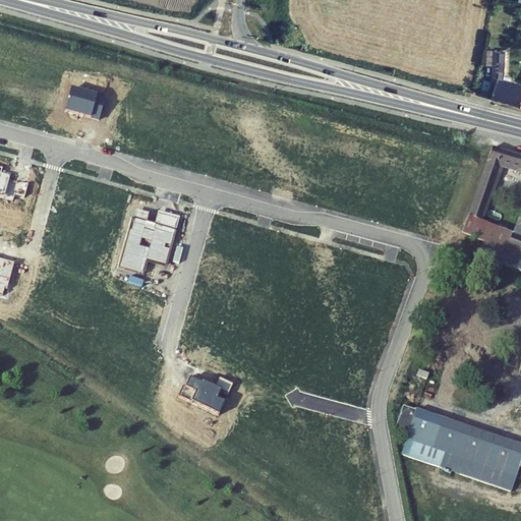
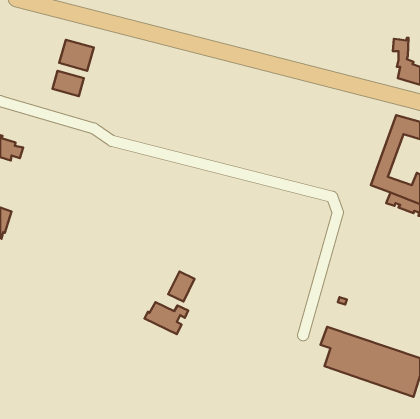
building: none -> [59,40,94,71]
building: [120,209,180,273] -> none
building: none -> [168,271,195,302]

